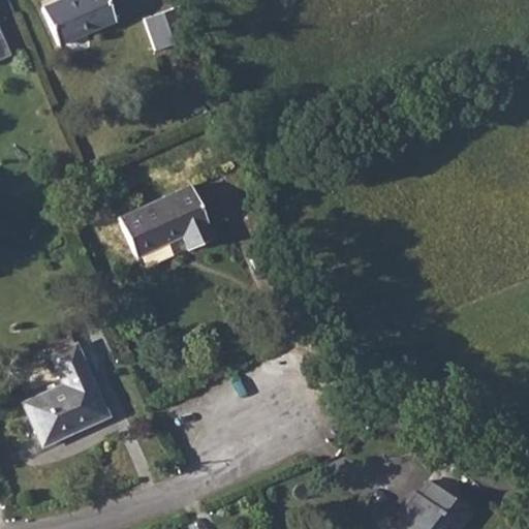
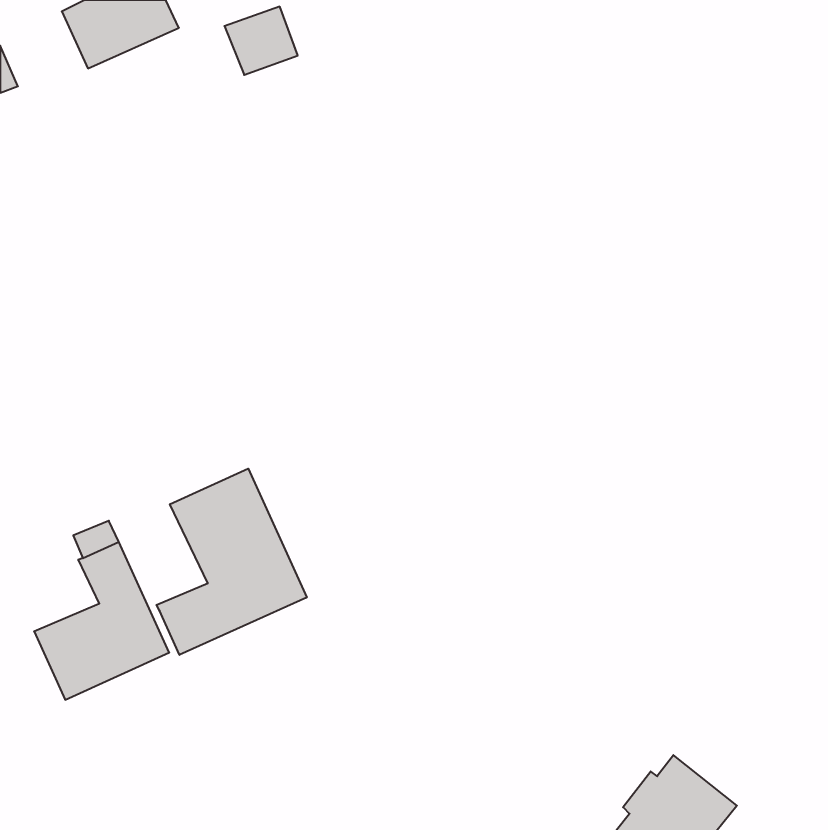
building: [120,186,216,256] -> none
building: none -> [156,469,307,655]

